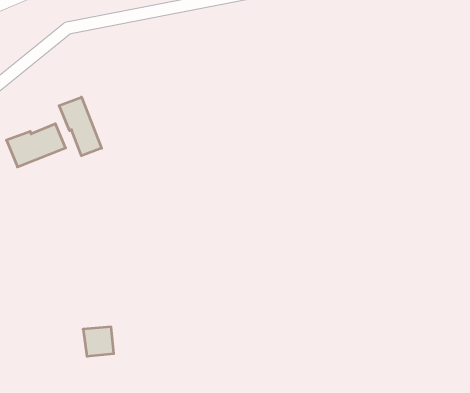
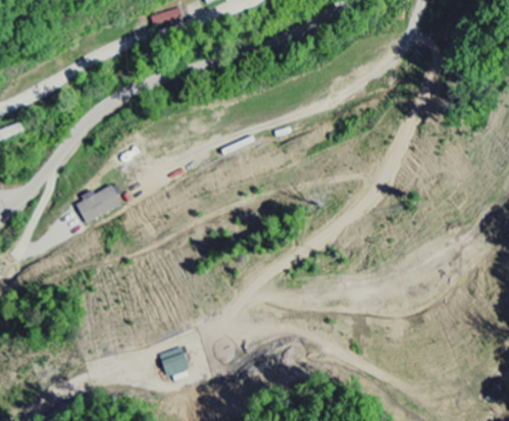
building: [59,97,102,156] -> none

